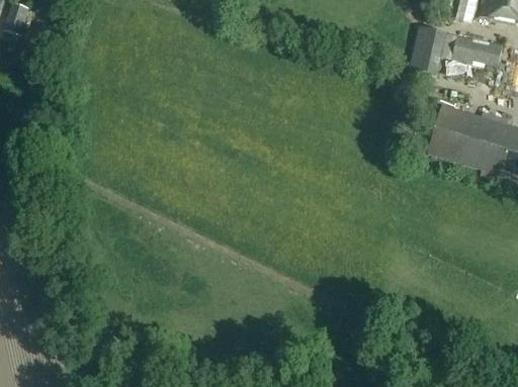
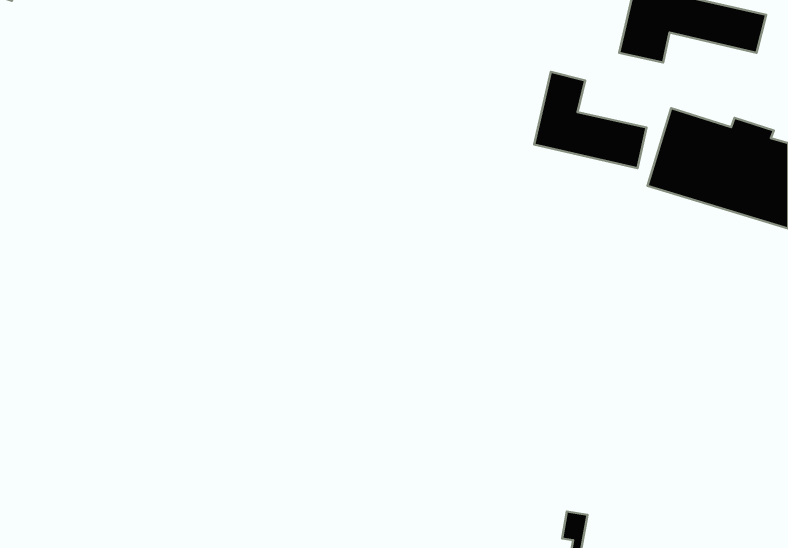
building: none -> [534,72,646,168]

